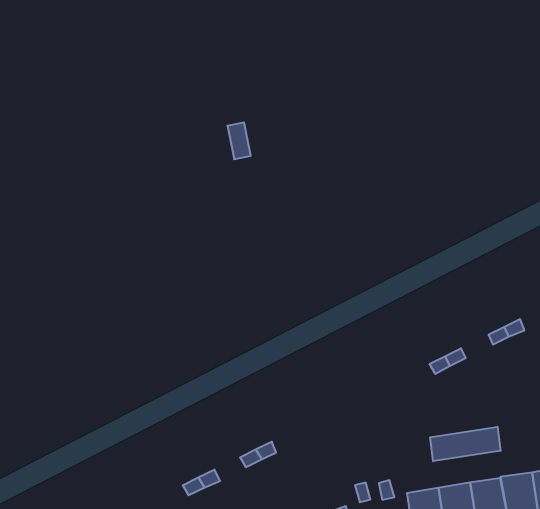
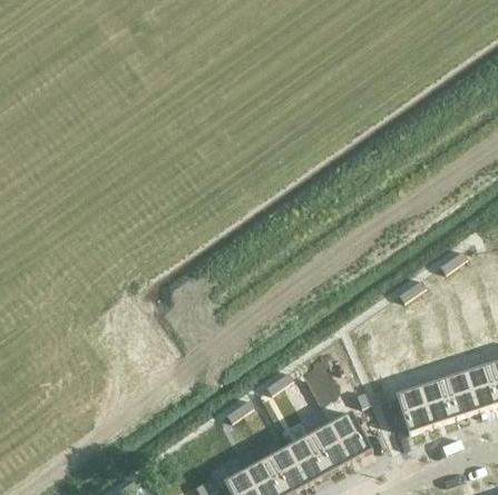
building: [430,427,501,461] -> none

